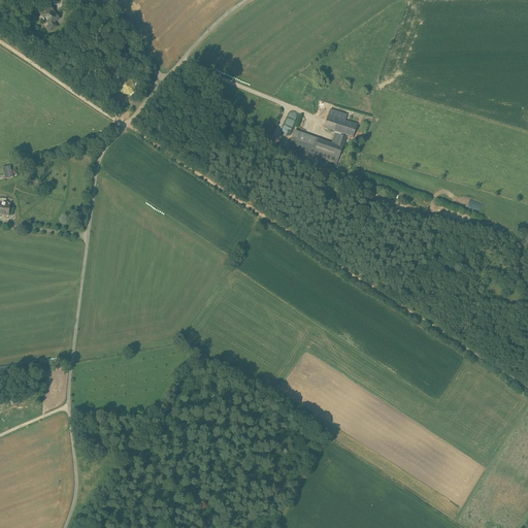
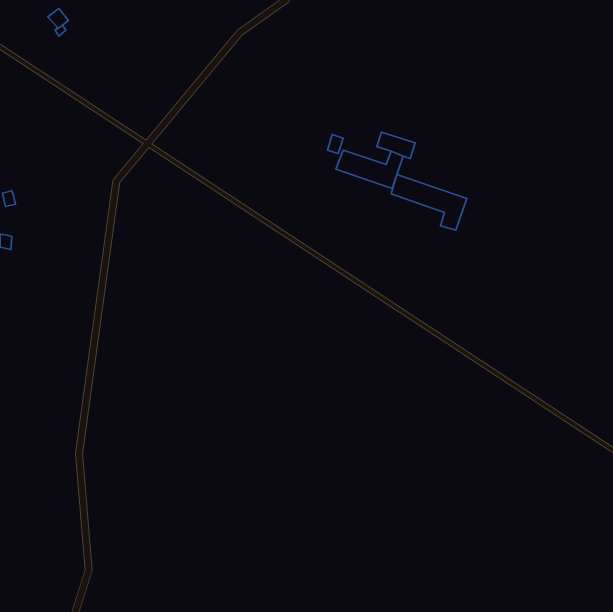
building: none -> [391,175,467,230]

